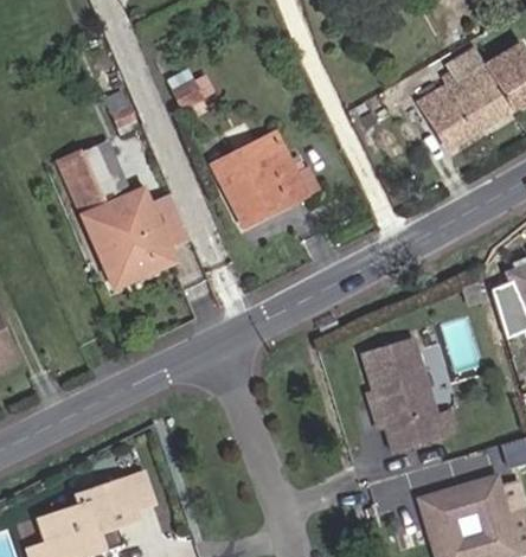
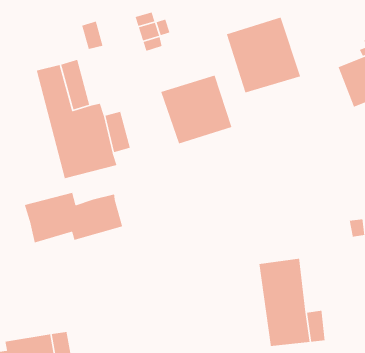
building: none -> [226,17,301,93]
building: none -> [24,192,123,244]

